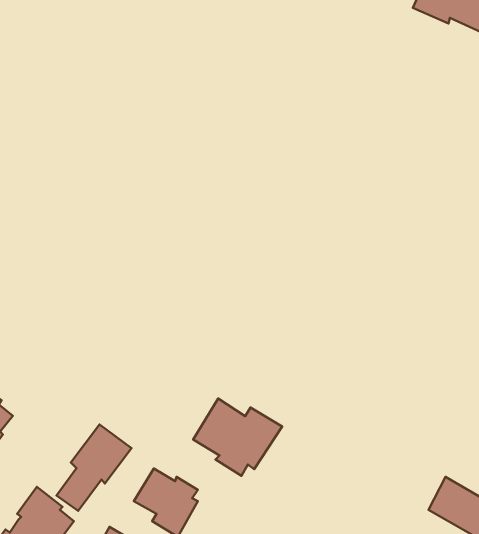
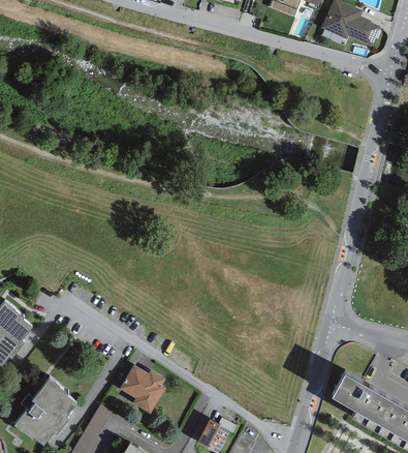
building: [193,399,282,476] -> none
building: [57,424,132,511] -> none

